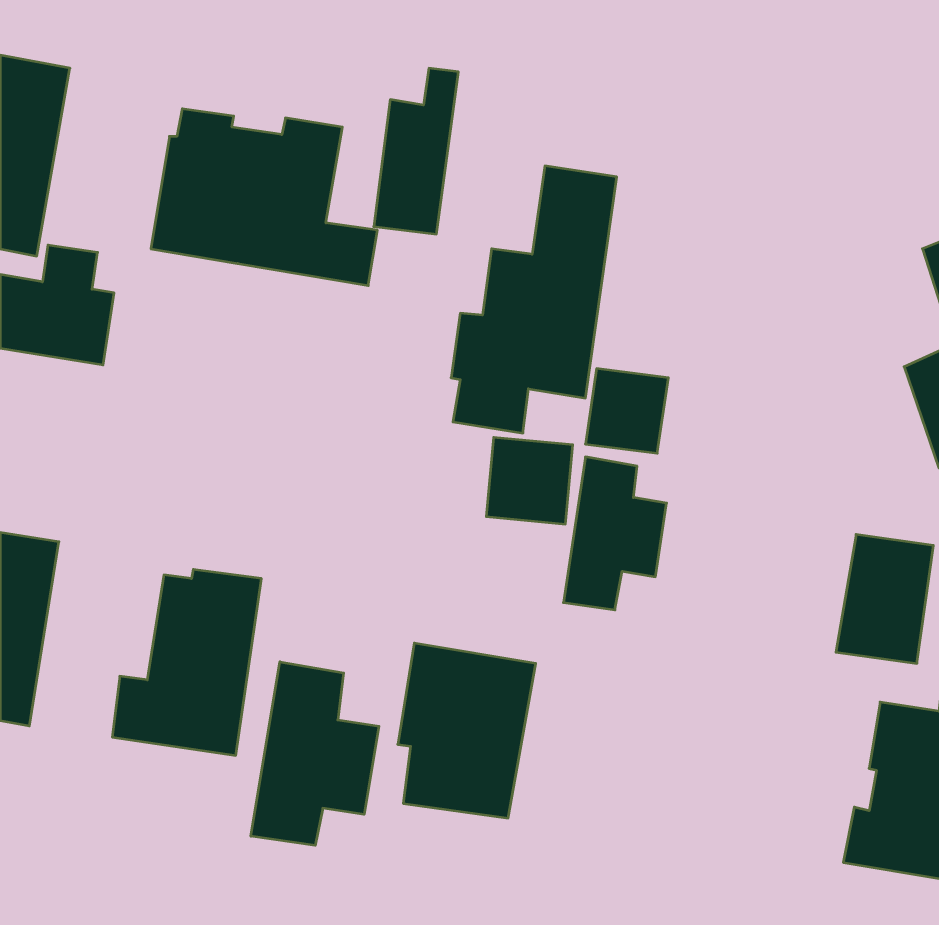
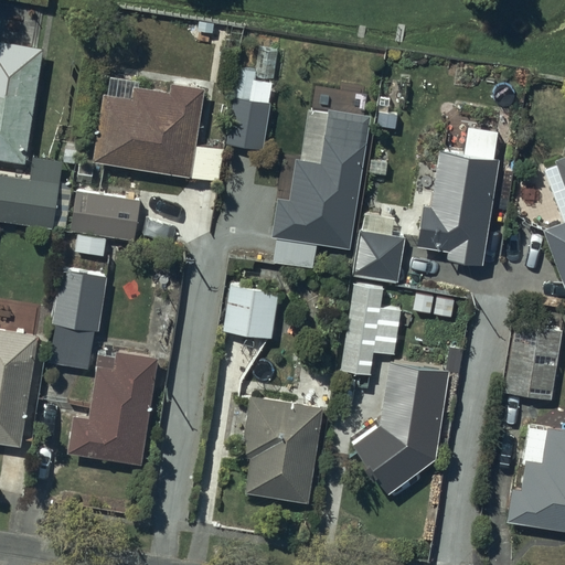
building: none -> [415,126,499,264]
building: none -> [71,192,141,258]
building: [486,437,573,524] -> [224,287,276,339]
building: none -> [49,277,107,374]
building: none -> [350,367,448,500]
building: [251,662,379,845] -> none

